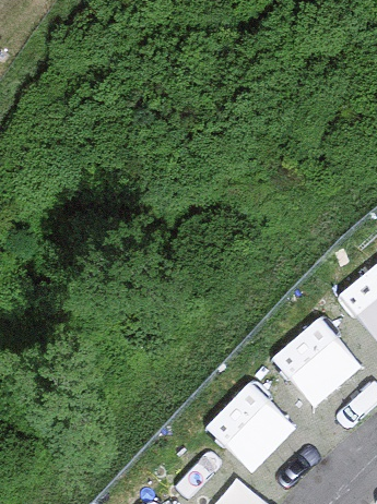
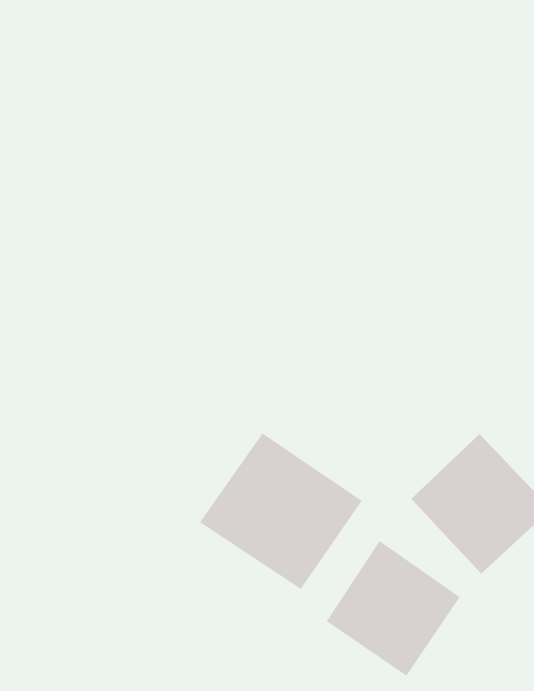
building: none -> [199,433,362,590]

